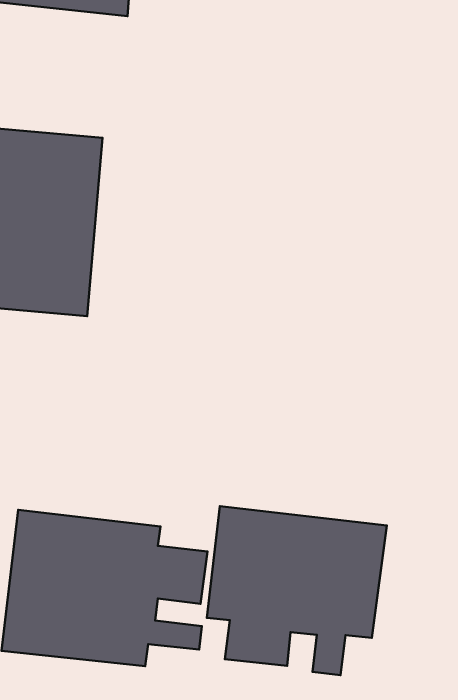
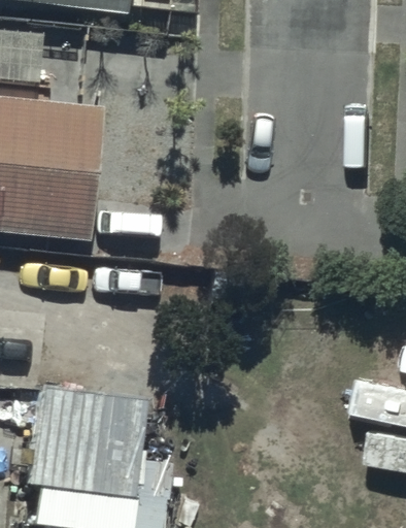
building: [207,506,387,675] -> none

